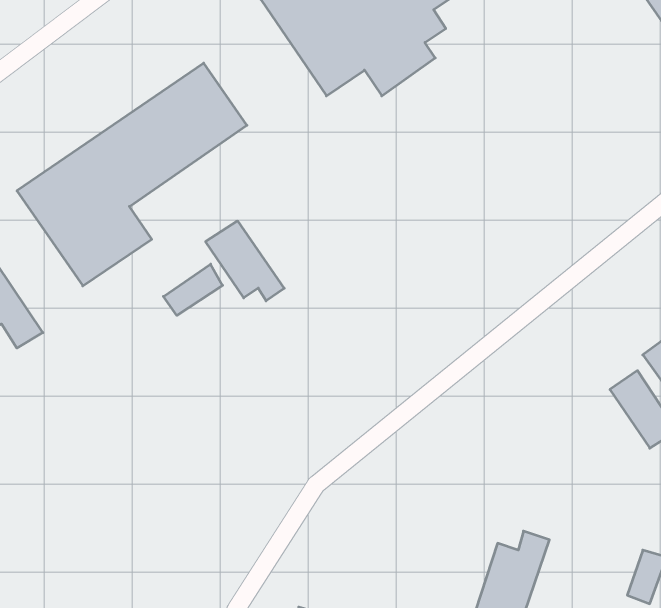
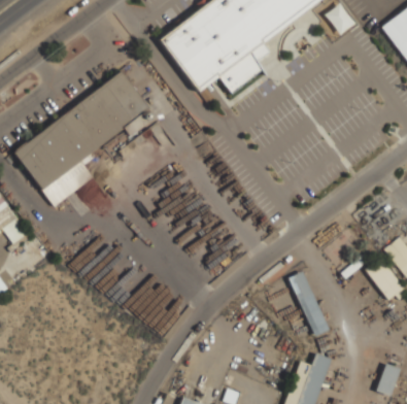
building: [206,221,284,301] -> none
building: [163,264,223,315] -> none
building: none -> [290,270,329,336]

